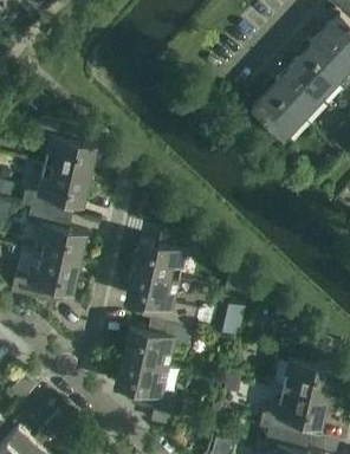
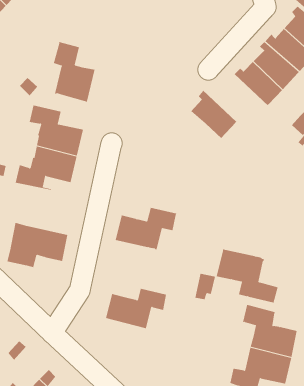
building: none -> [53,41,95,103]
building: [249,85,302,140] -> [190,90,237,139]
building: [20,206,86,264] -> none
building: [124,270,194,330] -> [216,249,278,303]
building: [114,356,174,415] -> none

